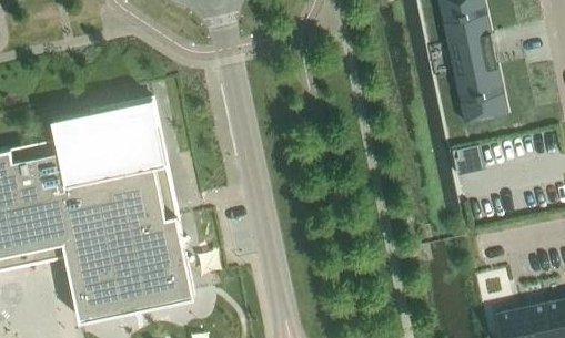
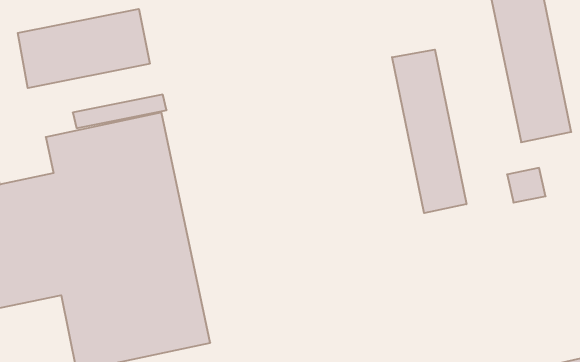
building: none -> [18,9,150,88]
building: none -> [392,50,466,213]

